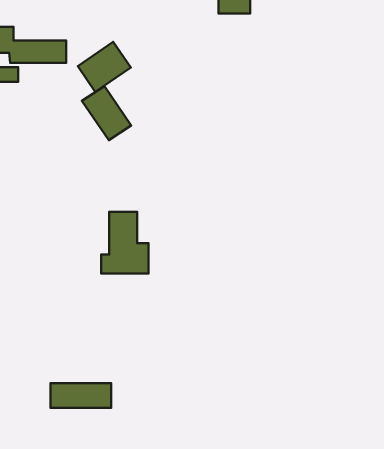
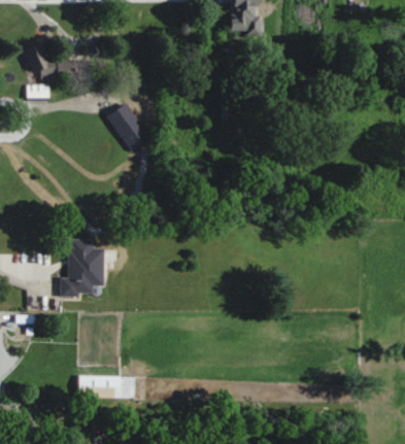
building: [78,42,131,92] -> none
building: [101,212,148,274] -> [61,239,104,296]

